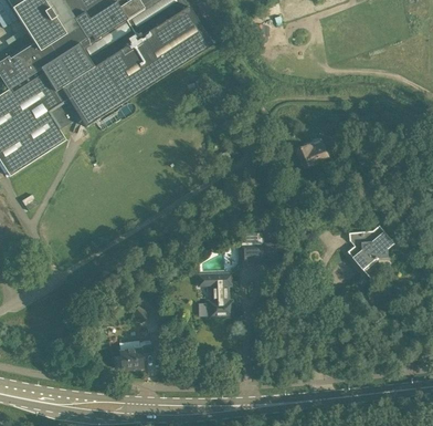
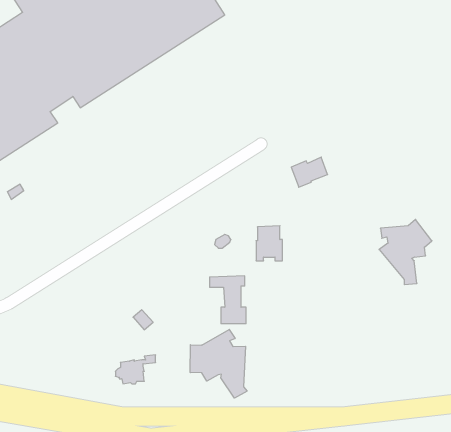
building: [296,142,328,168] -> [291,157,328,187]
building: none -> [190,329,247,398]

